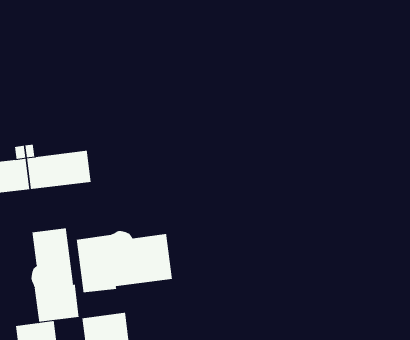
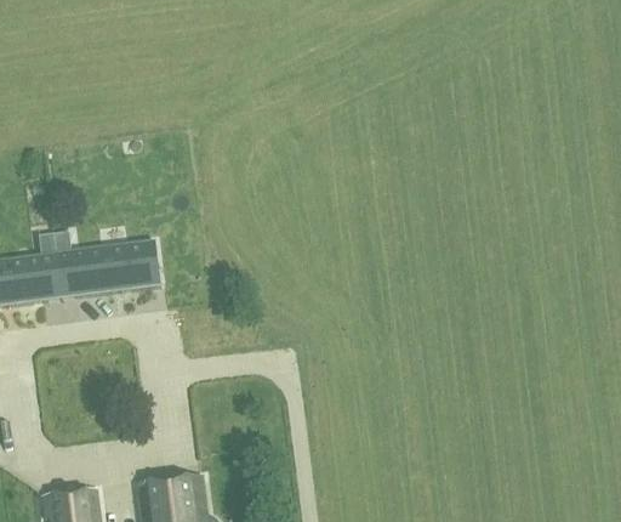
building: [31,228,79,323] -> none
building: [76,230,172,293] -> none

